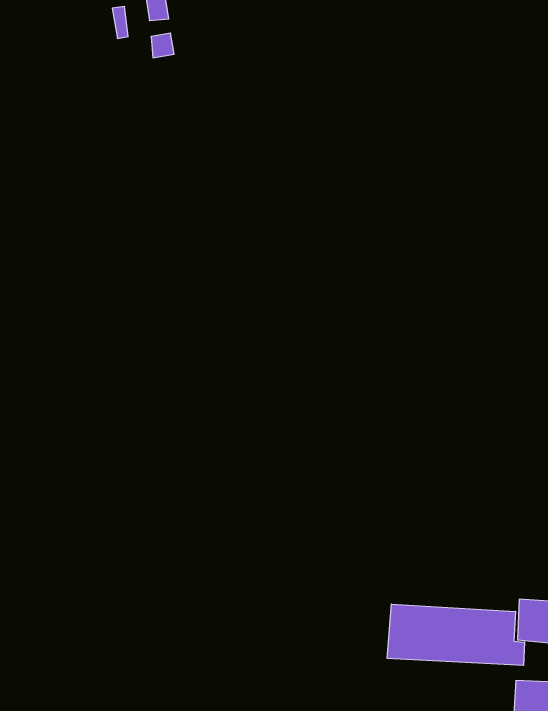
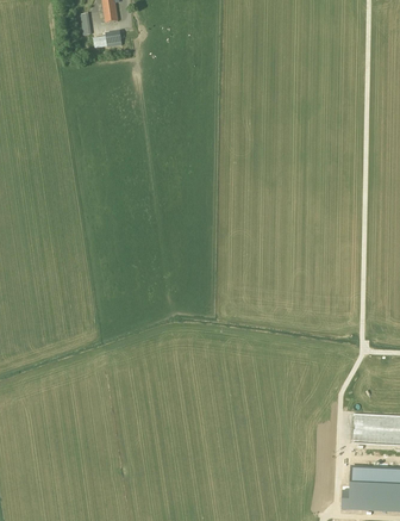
building: [387,604,524,665] -> none

